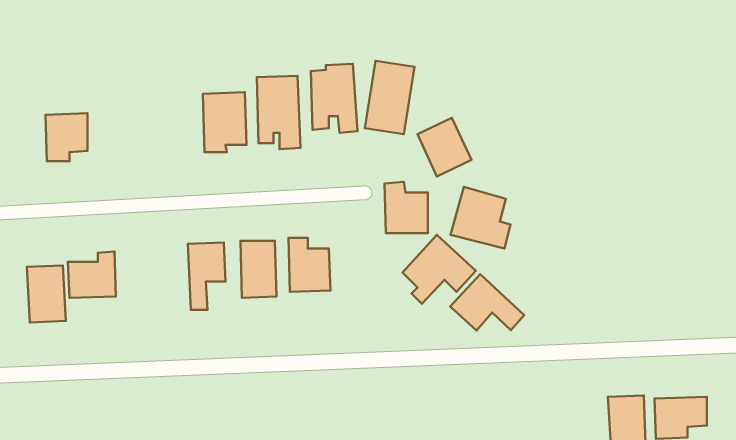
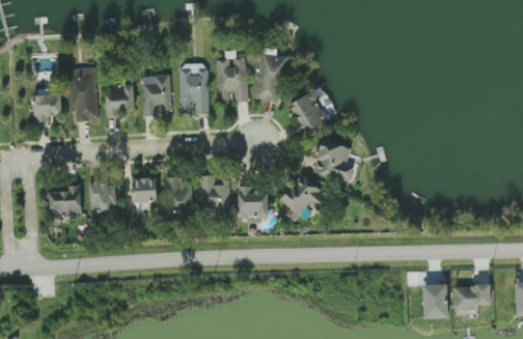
building: none -> [66,66,98,120]
building: none -> [105,83,134,116]
building: [384,182,428,233] -> [238,185,268,220]
building: [27,265,66,322] -> [89,181,116,221]
building: [450,274,524,330] -> none

